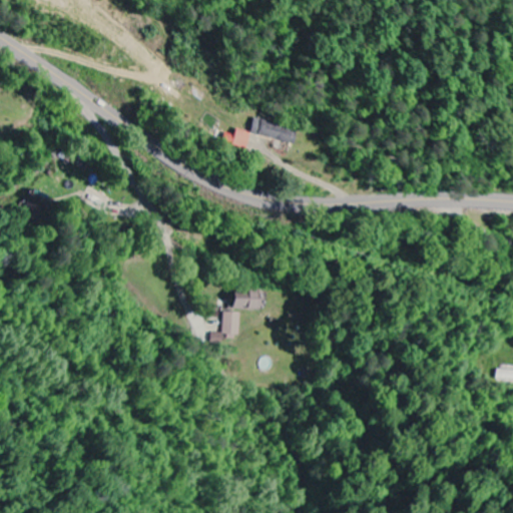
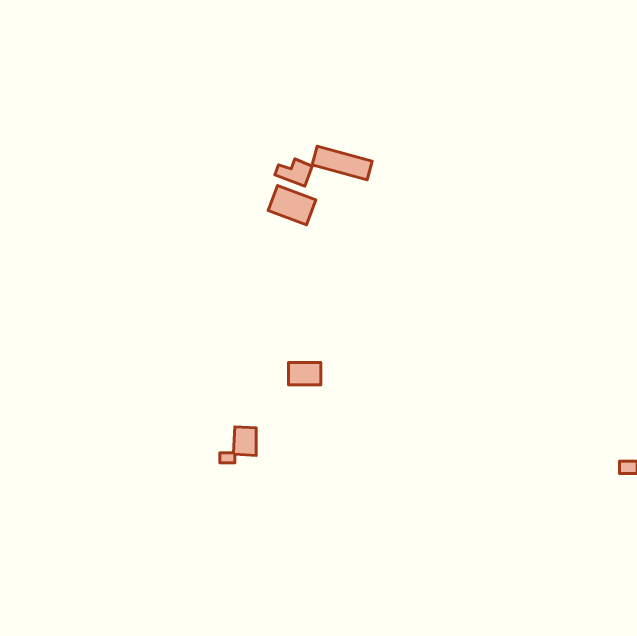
building: none -> [268,186,316,225]
building: [211,312,240,341] -> [220,427,256,463]

